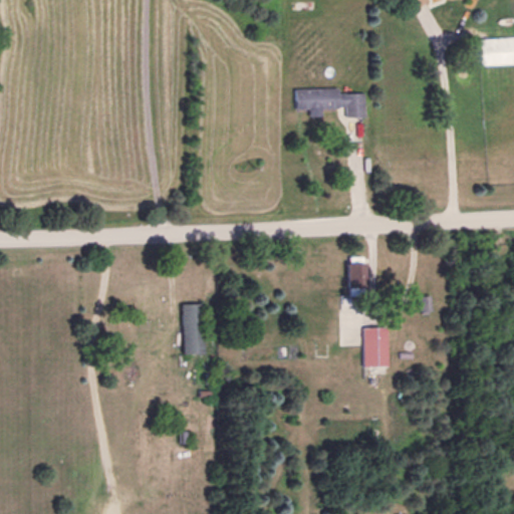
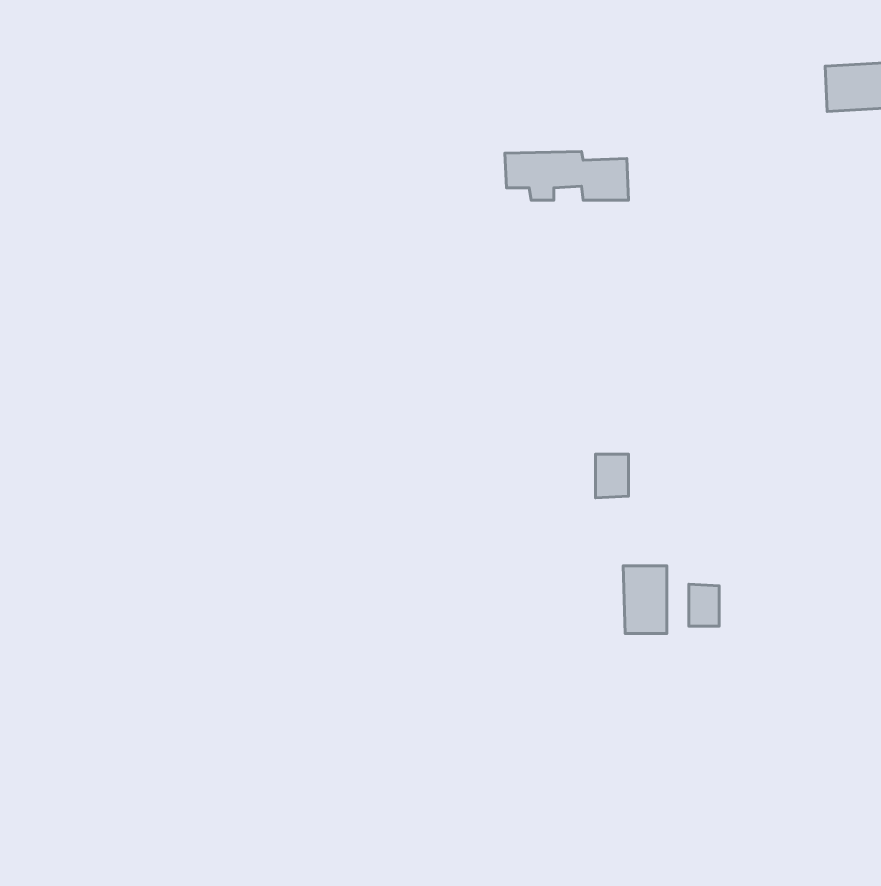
building: [183,304,205,355] -> none
building: none -> [689,584,719,626]

